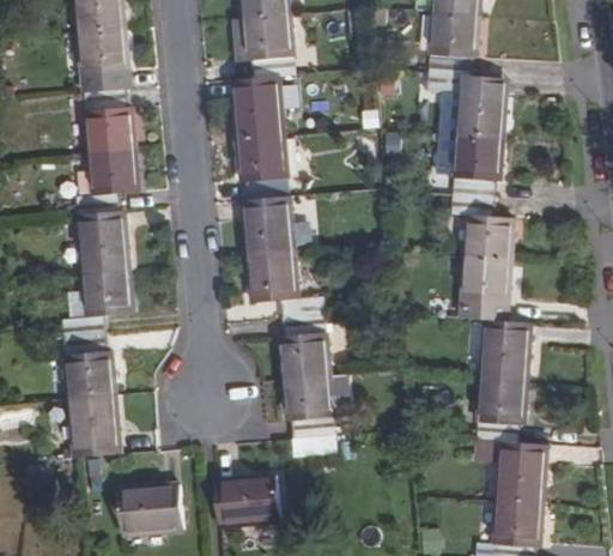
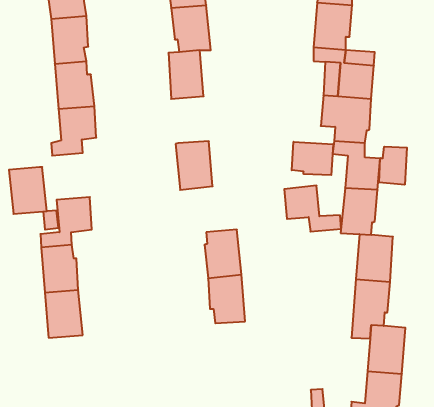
building: [236,135,286,198] -> none
building: none -> [292,142,333,175]
building: none -> [379,147,407,185]
building: [78,211,128,273] -> [9,167,47,214]
building: [248,255,323,316] -> [284,186,341,232]
building: [213,476,278,526] -> none
building: [117,484,180,534] -> none

